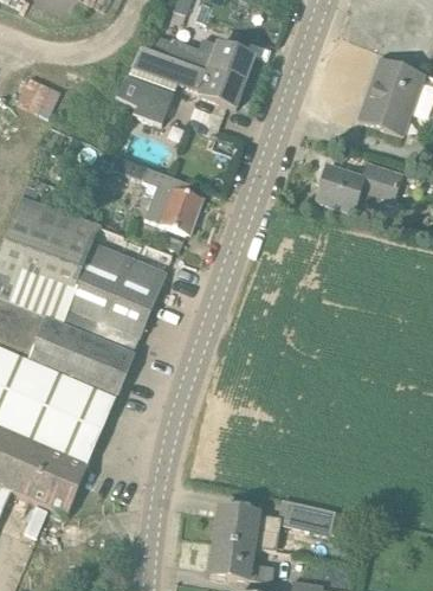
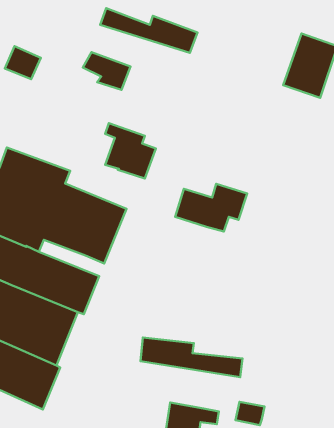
building: [129,46,244,108] -> none
building: [316,159,403,217] -> [175,184,247,232]
building: none -> [141,338,243,377]

